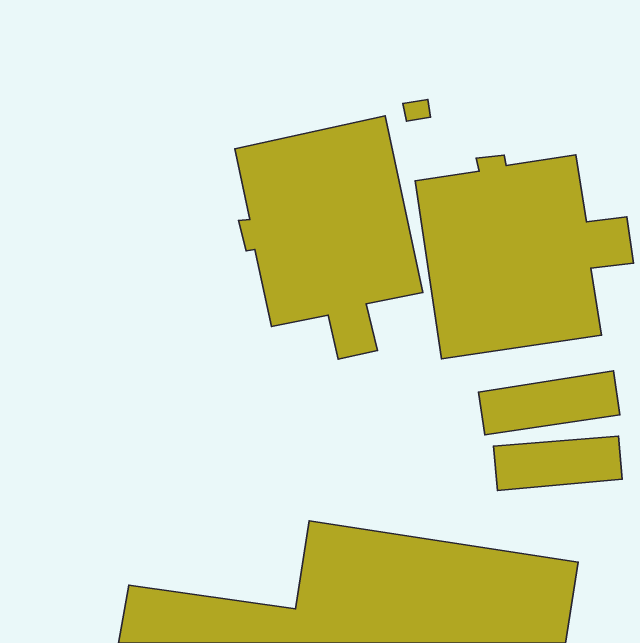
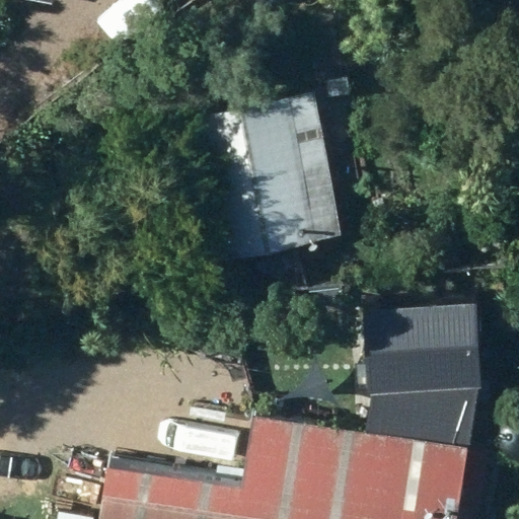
building: [415,155,633,359] -> none

